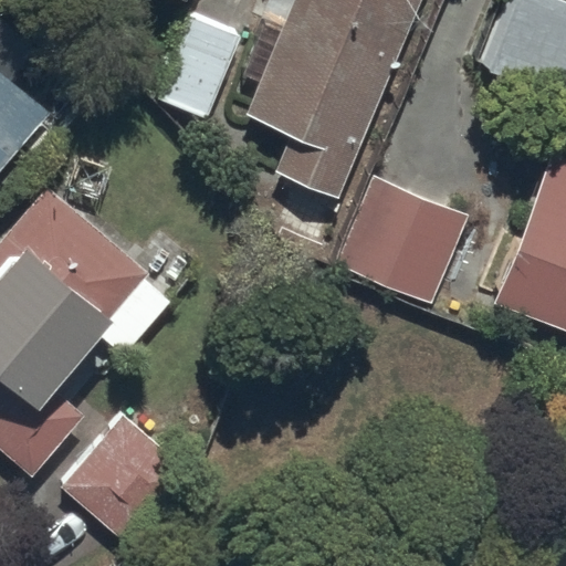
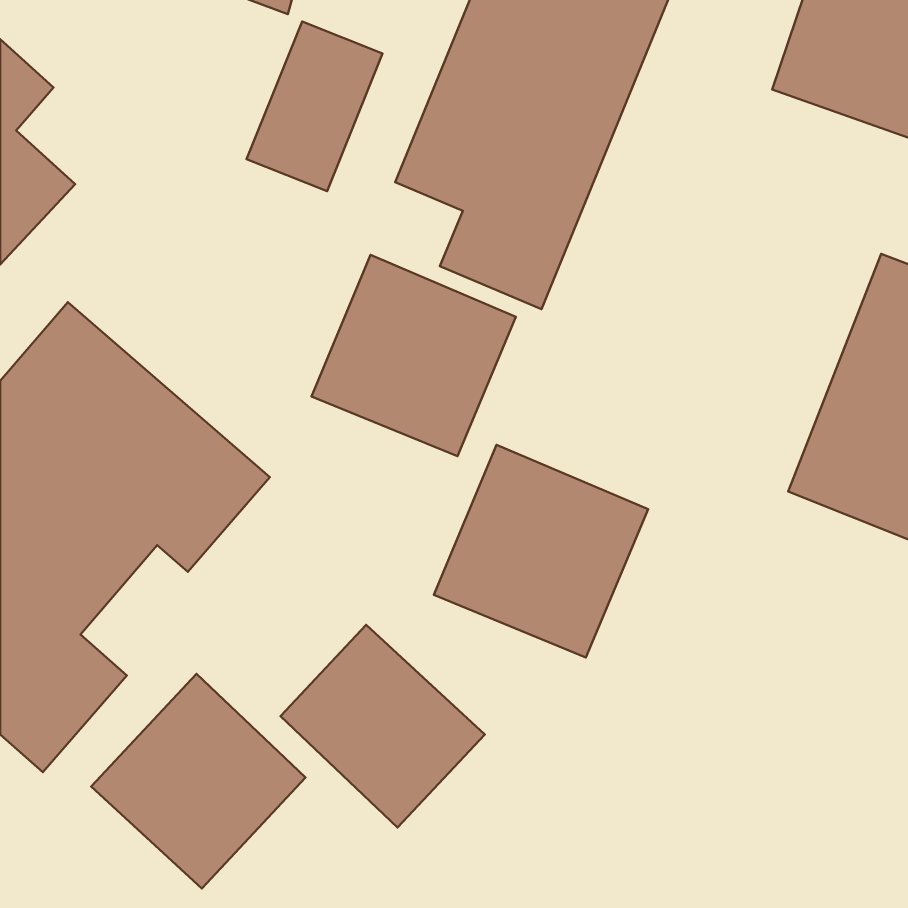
building: none -> [311,255,516,456]
building: [335,172,468,304] -> [434,445,648,657]
building: none -> [280,625,485,827]

